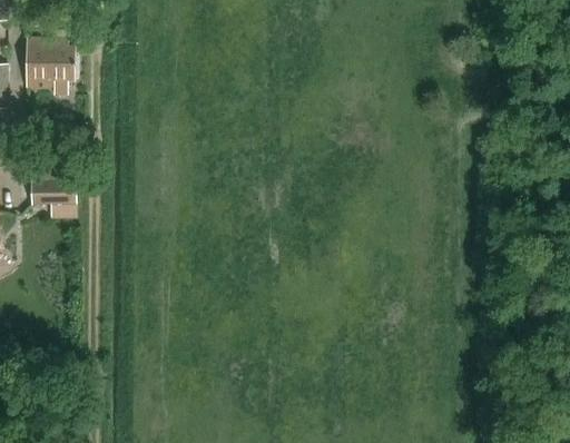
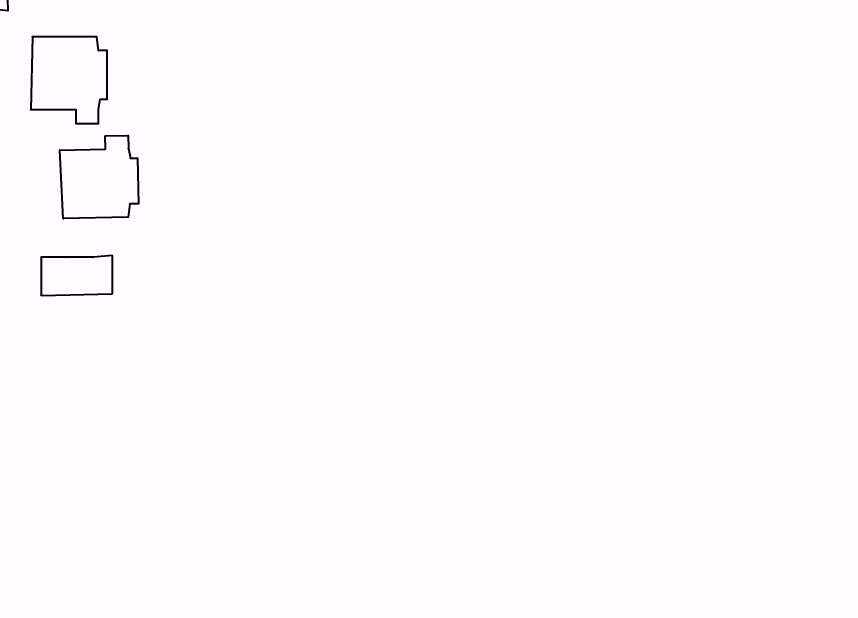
building: none -> [60,135,139,219]

